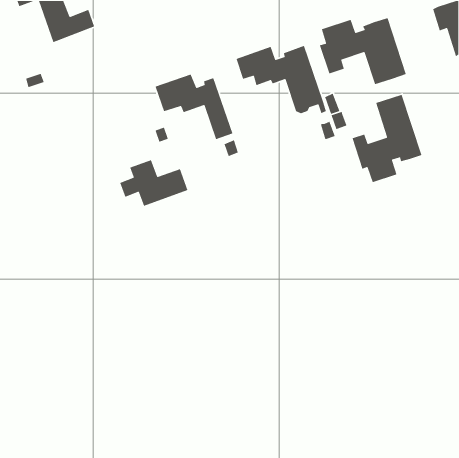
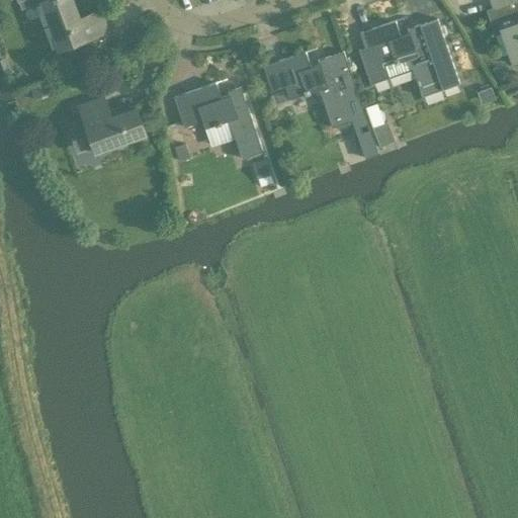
building: [351,94,422,183] -> none
building: [119,159,188,207] -> [68,99,146,153]

